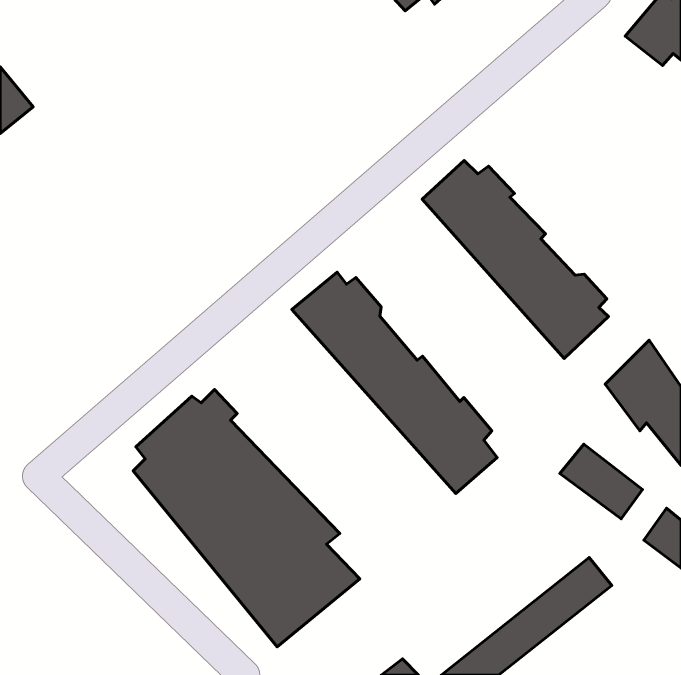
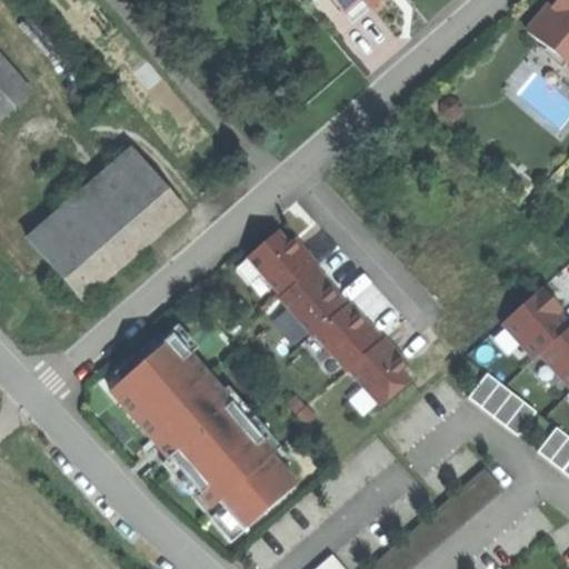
building: [422,161,608,359] -> none
building: none -> [26,148,180,297]

